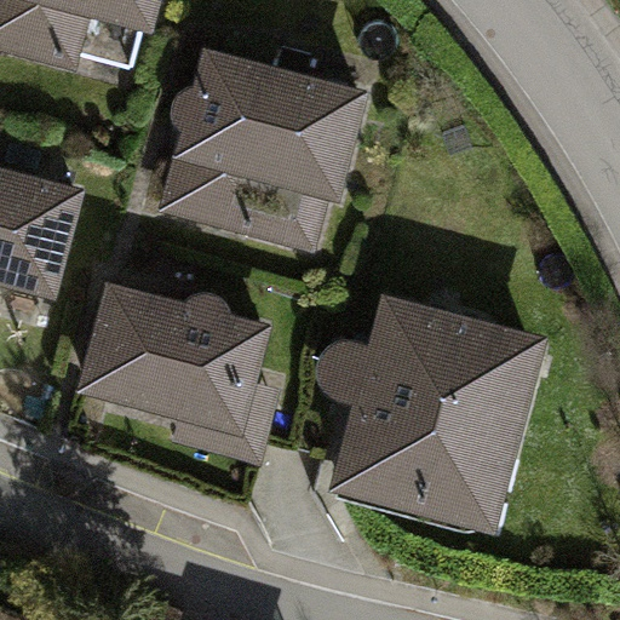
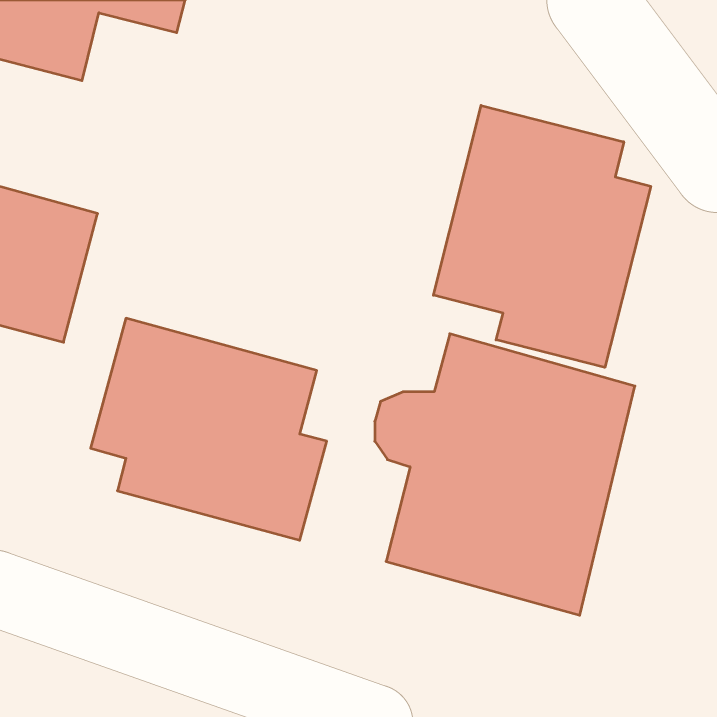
building: [162,50,369,251] -> none
building: none -> [433,105,651,367]

